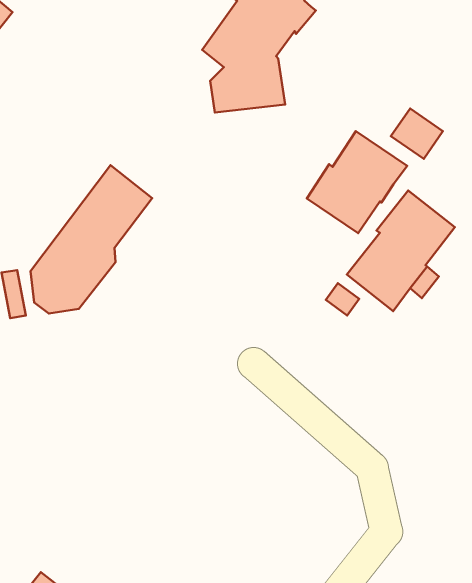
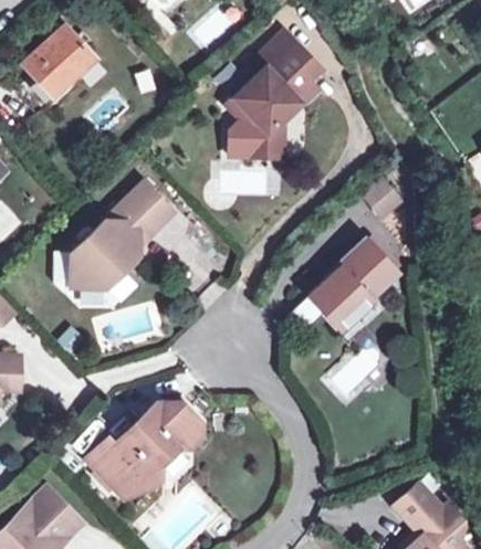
building: [307,131,407,233] -> none
building: none -> [88,402,202,497]

